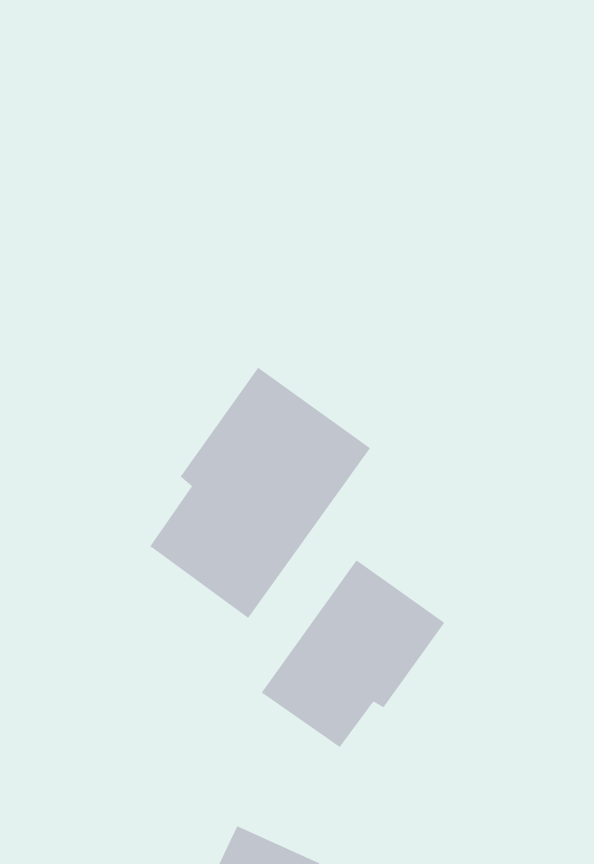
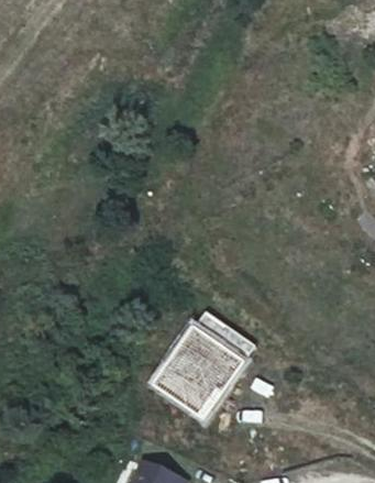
building: [149,367,371,619] -> none

